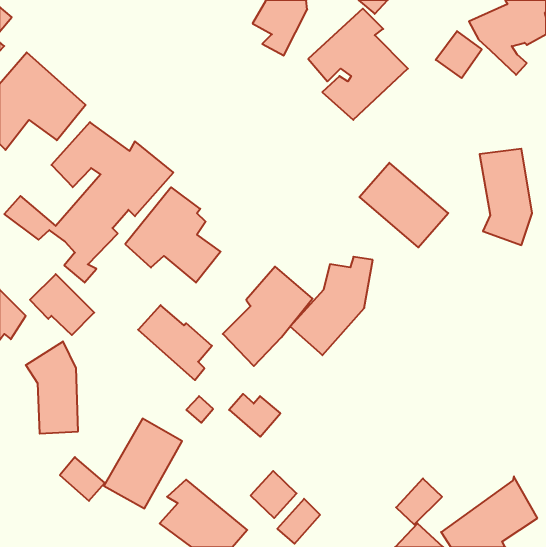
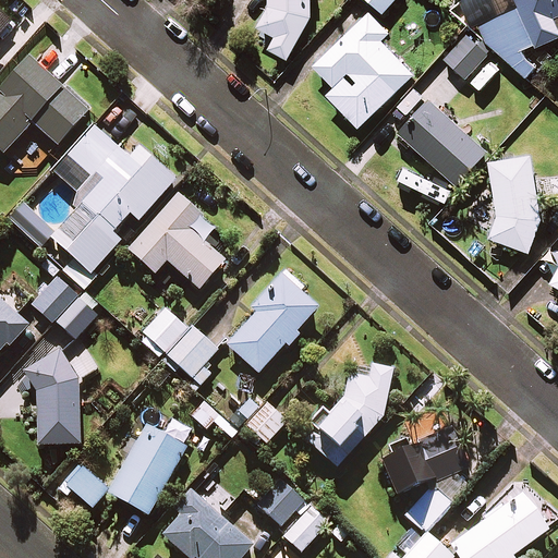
building: [359,163,448,247] -> [398,96,488,182]
building: [290,257,373,355] -> [306,363,390,463]
building: none -> [381,424,466,493]

